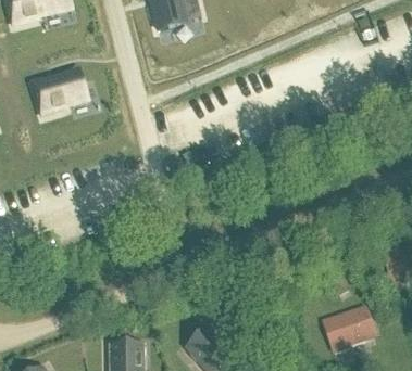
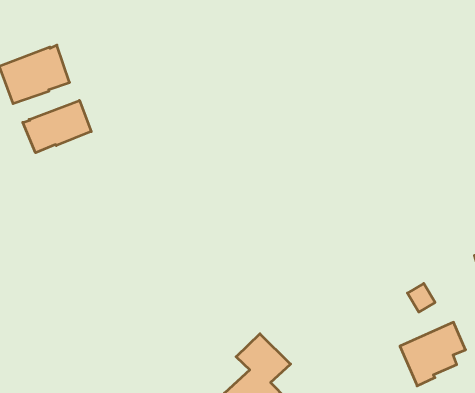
building: none -> [23,100,91,153]

